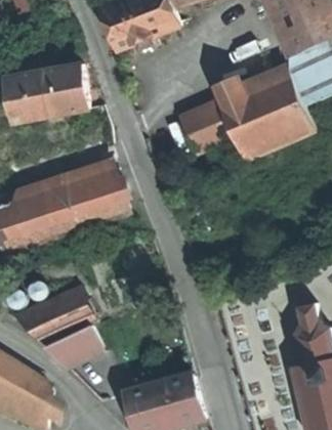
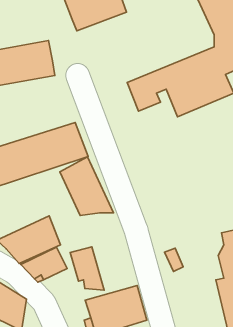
building: none -> [60,157,113,215]
building: none -> [70,247,104,290]

